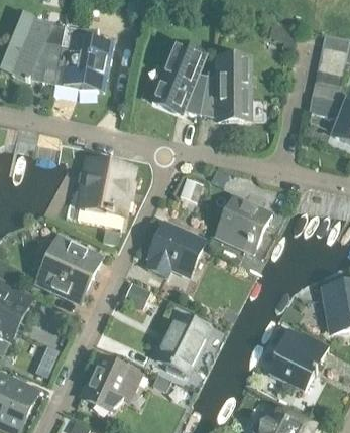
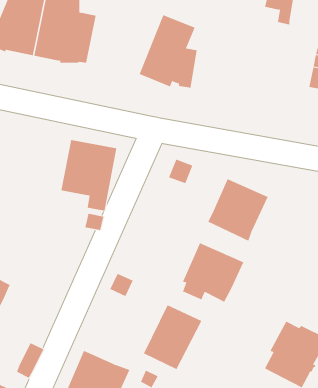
building: [199,58,255,119] -> none
building: [146,222,204,277] -> [182,243,244,302]
building: [35,233,99,300] -> none

